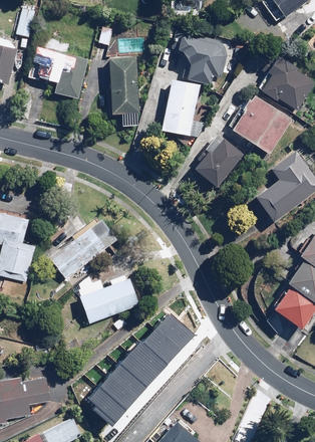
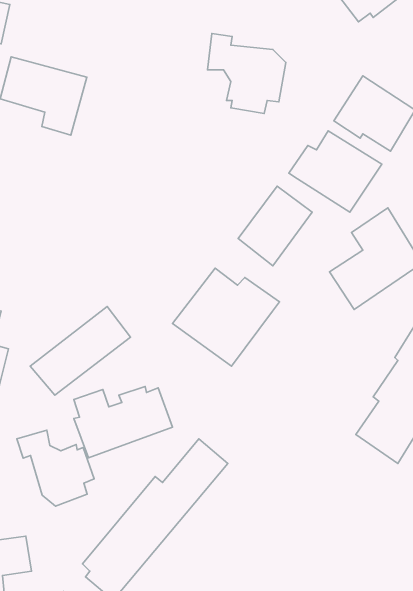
building: [110,59,140,114] -> none
building: [164,81,200,136] -> none
building: none -> [172,268,279,366]
building: none -> [17,430,94,506]

